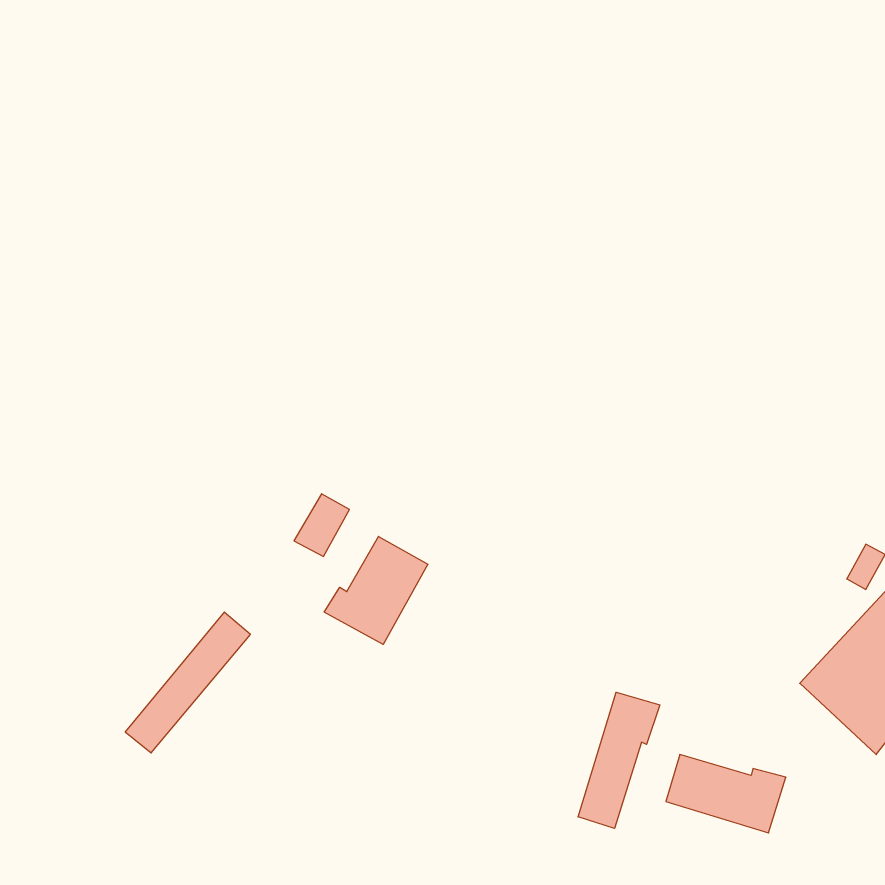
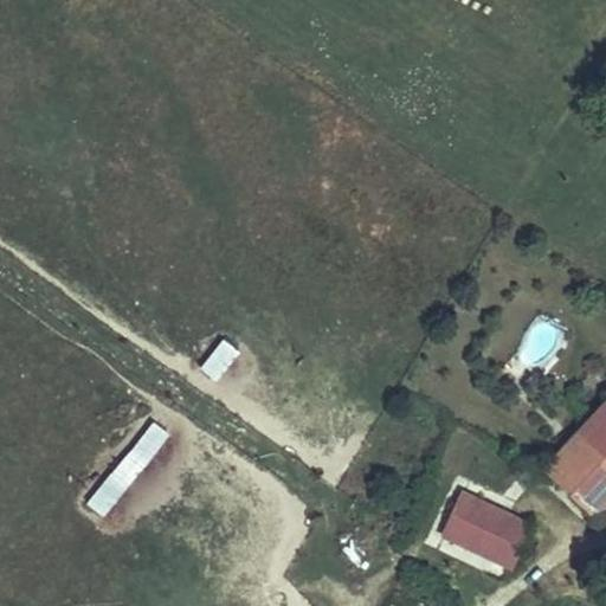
building: [324,536,428,644] -> none
building: [578,692,660,828] -> none

